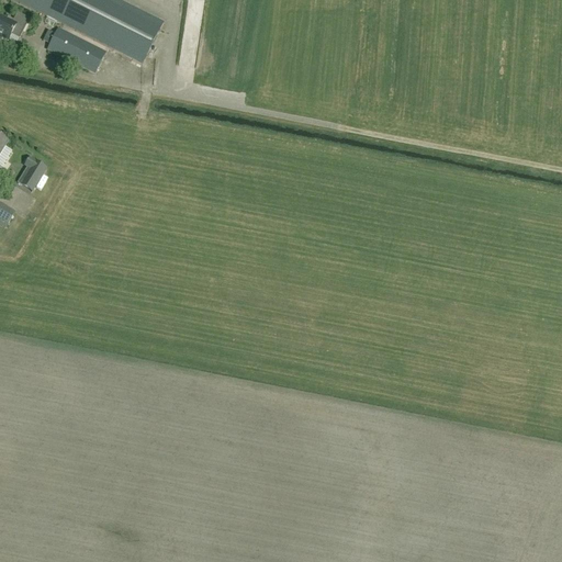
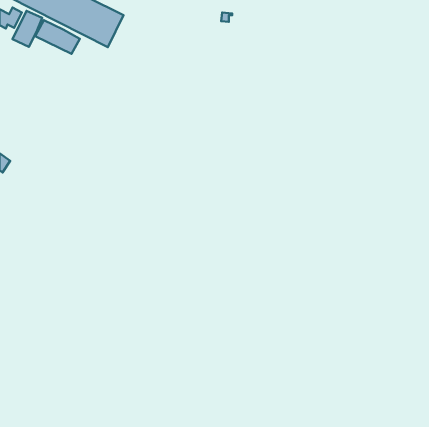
building: none -> [13,11,42,47]
building: [16,155,45,189] -> none

